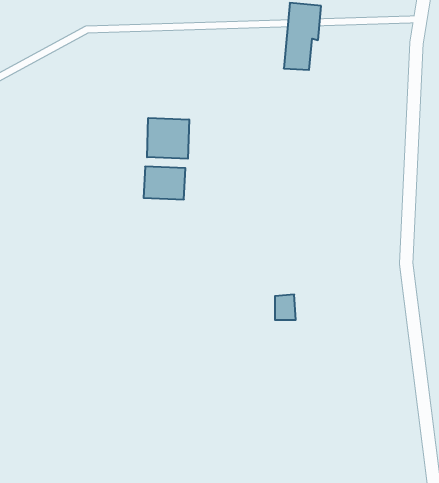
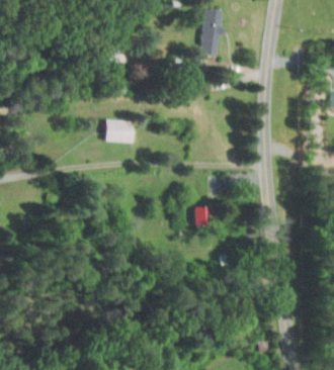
building: [147,118,189,159] -> none

